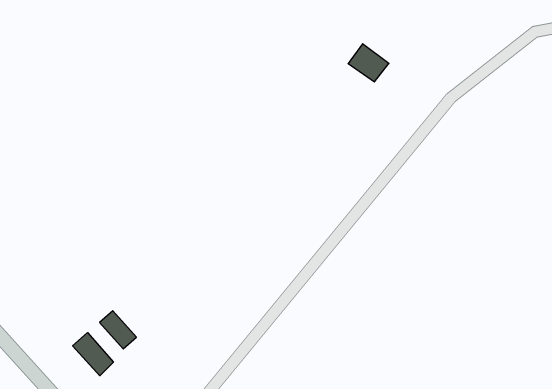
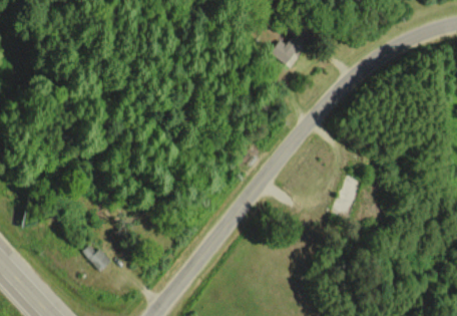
building: [73,333,113,376] -> none

